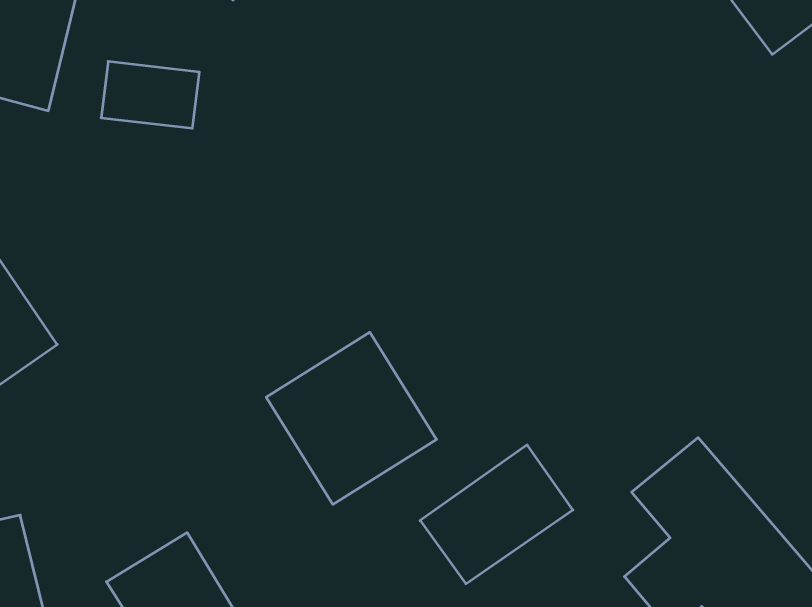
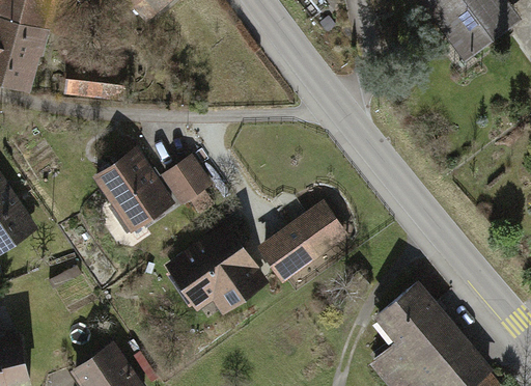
building: none -> [90,146,171,233]
building: none -> [165,157,209,202]
building: [420,445,573,584] -> [255,199,345,281]

